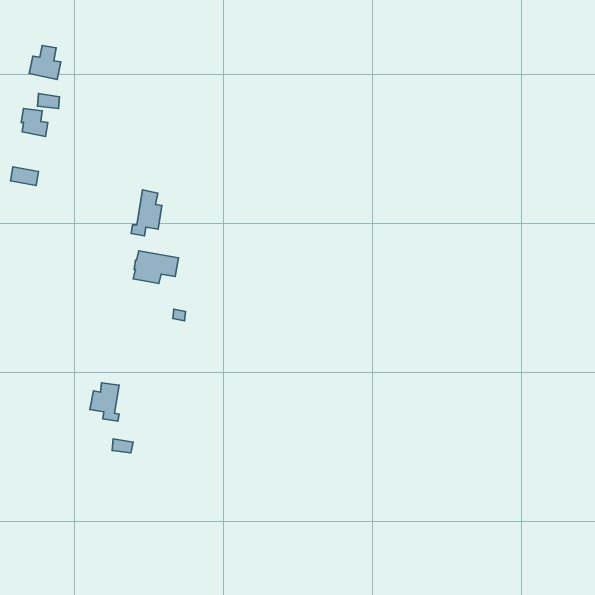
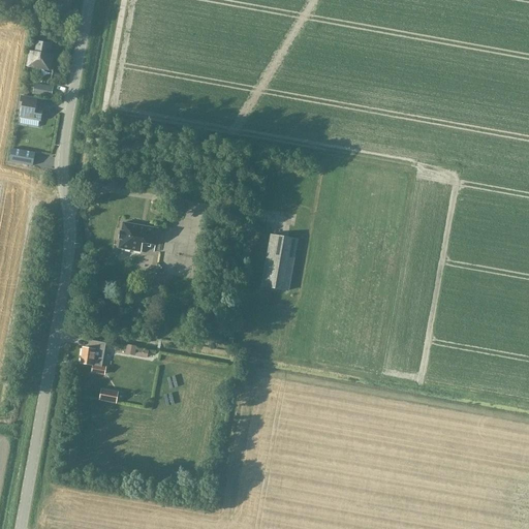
building: [131,190,162,236] -> none
building: none -> [261,234,299,290]

